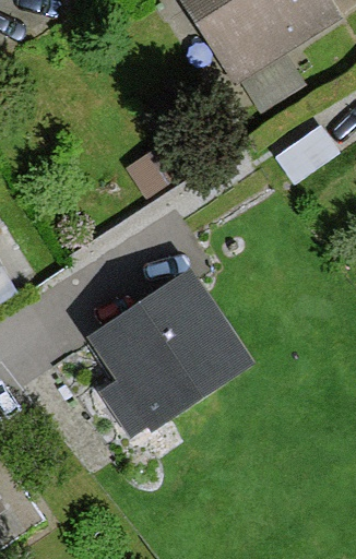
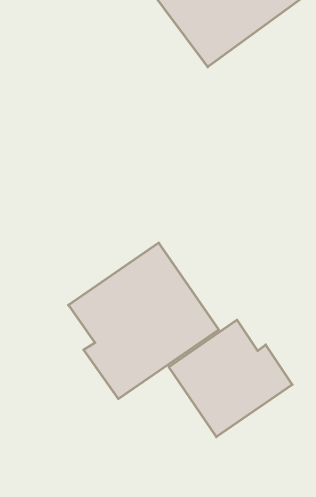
building: none -> [169,320,292,437]

